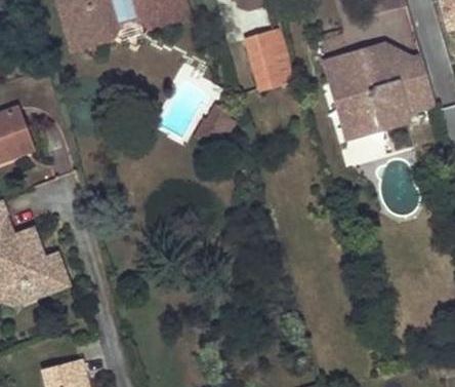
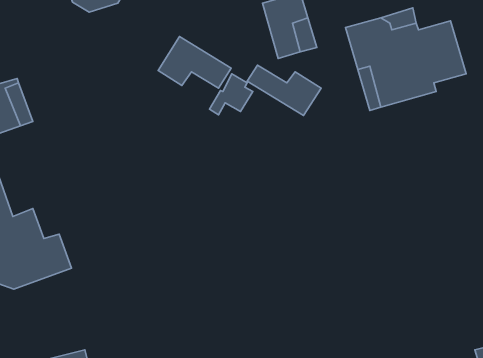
building: none -> [158,36,231,88]
building: none -> [247,65,321,115]

